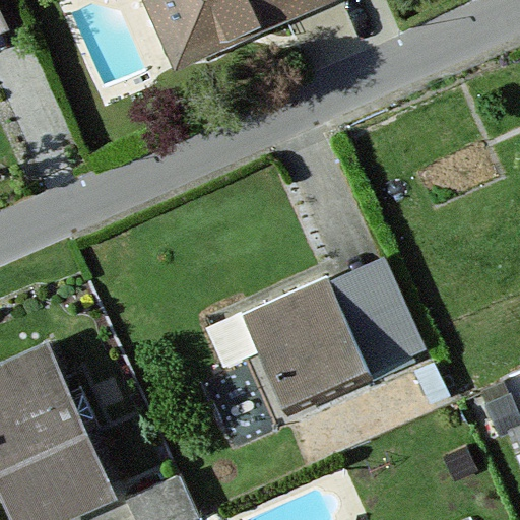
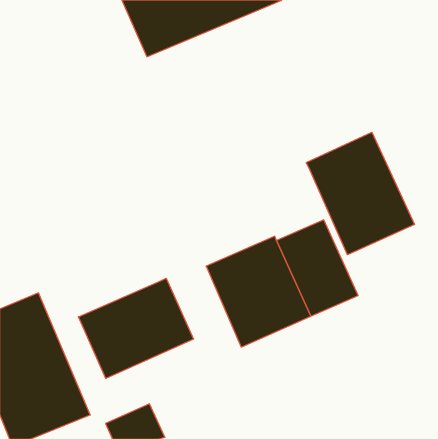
building: none -> [306,132,414,255]
building: none -> [78,278,194,379]

